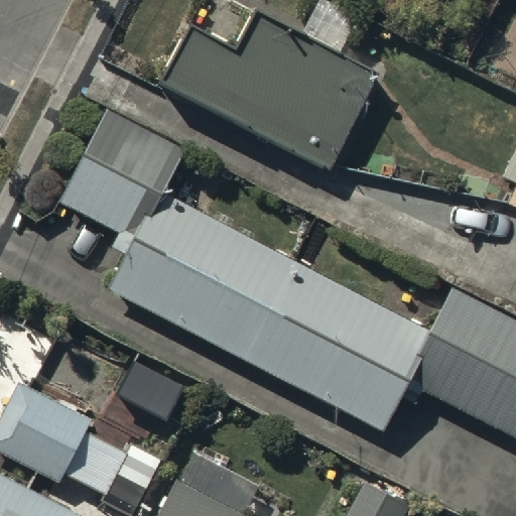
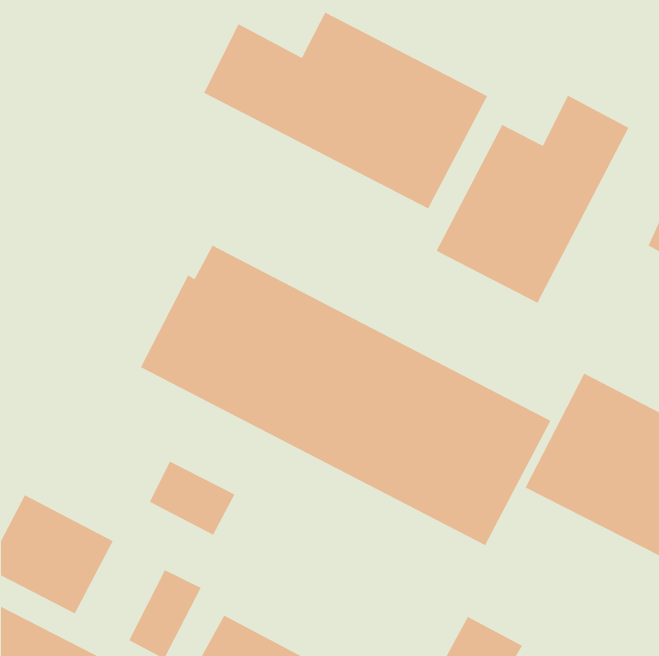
building: none -> [436,95,629,304]
building: [57,112,178,240] -> none

